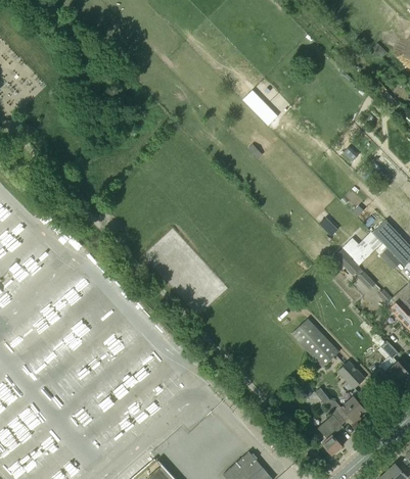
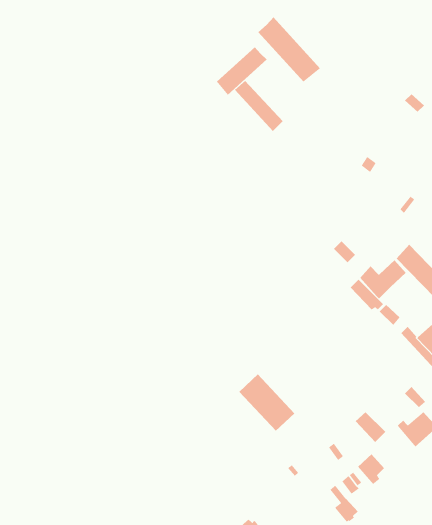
building: none -> [257,17,321,83]
building: none -> [216,46,267,96]
building: [291,319,339,368] -> [238,374,295,431]

